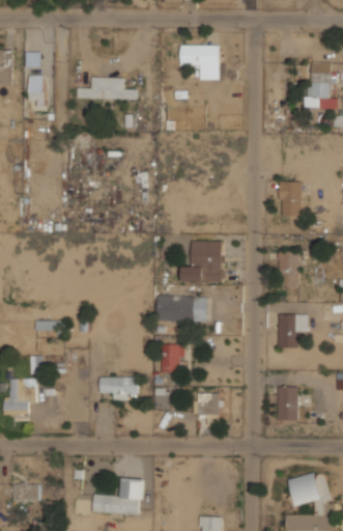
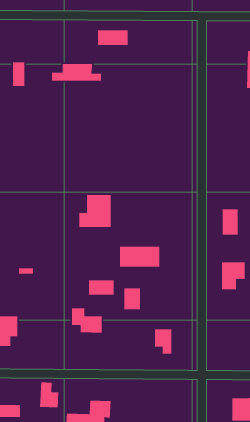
building: [180,46,218,65] -> [97,29,128,46]
building: [279,181,301,217] -> none
building: [182,242,222,282] -> [78,194,112,228]
building: none -> [88,279,115,296]
building: [278,387,296,421] -> none
building: none -> [39,382,59,408]

